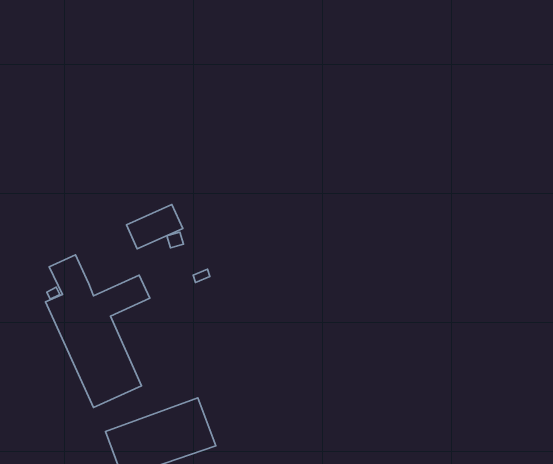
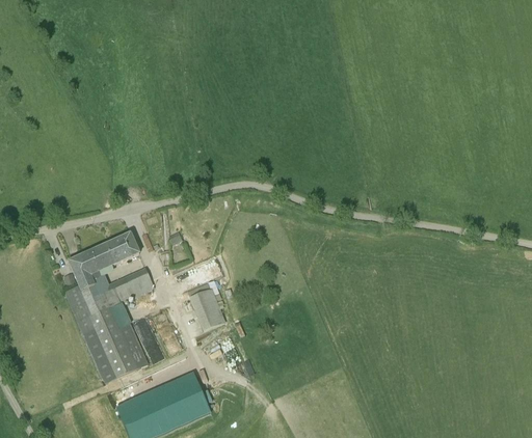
building: [126,205,183,249] -> [90,232,139,271]
building: none -> [189,289,224,330]

